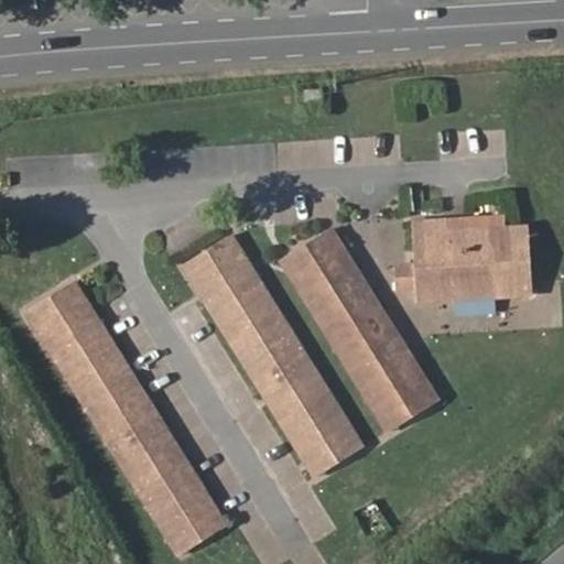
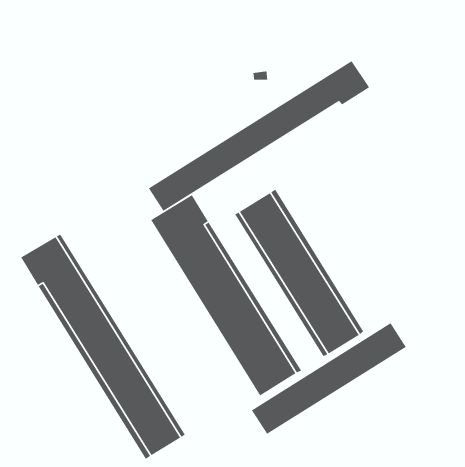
building: none -> [148,60,370,212]
building: [397,215,533,300] -> none
building: none -> [251,322,407,435]

